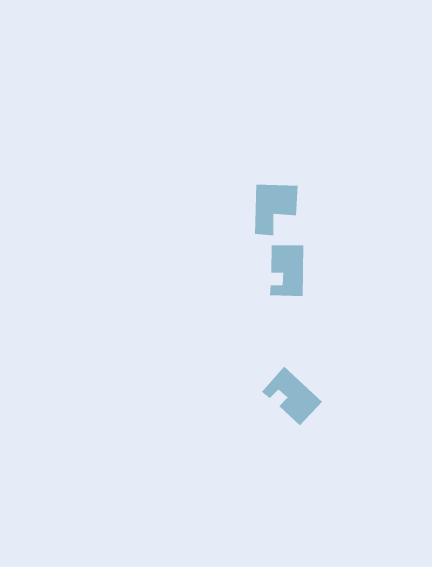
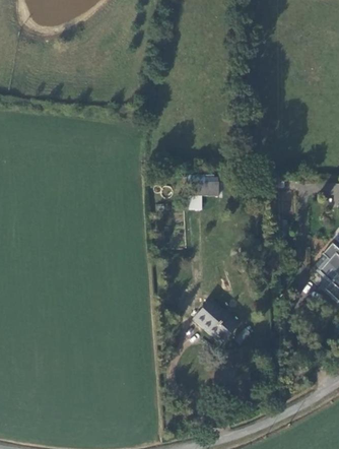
building: [269,244,304,297] -> none

